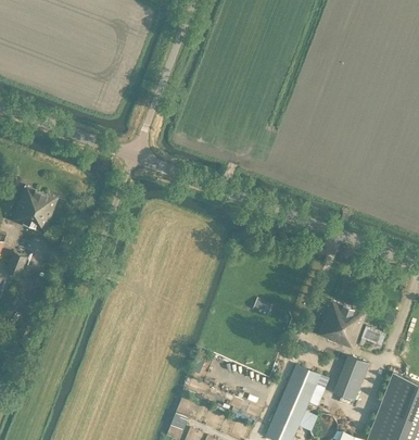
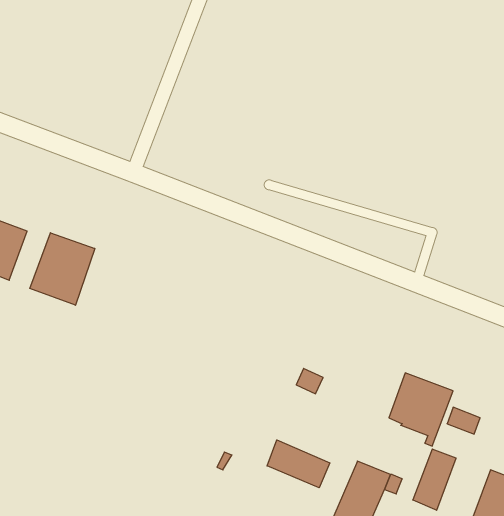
building: none -> [30,233,95,305]
building: none -> [267,440,330,488]

